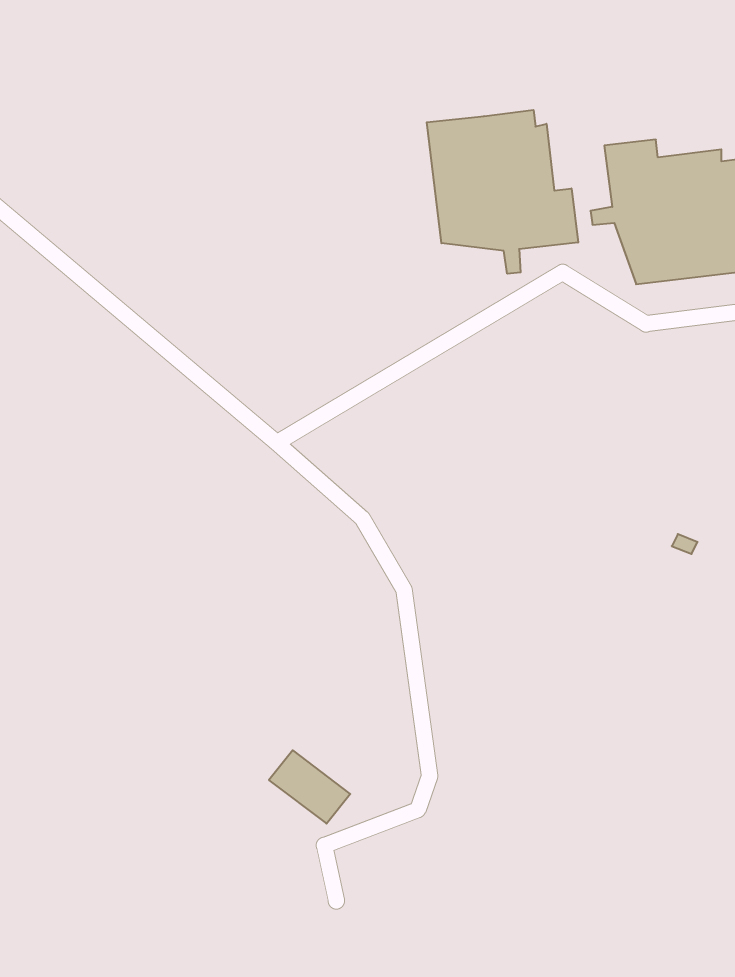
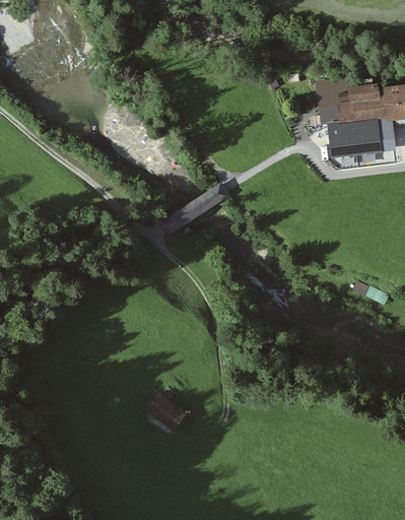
building: [427,110,578,274] -> none

